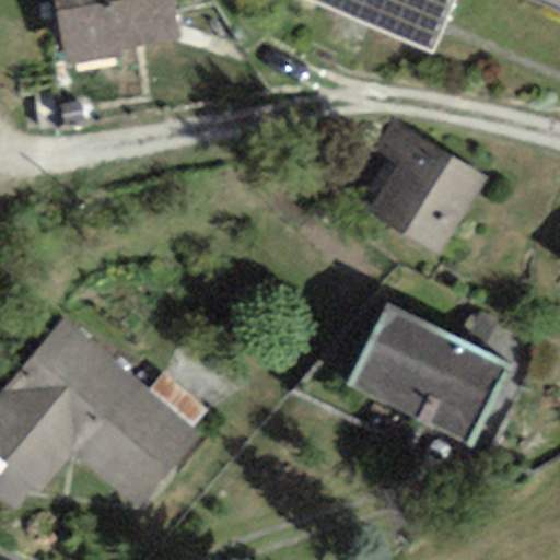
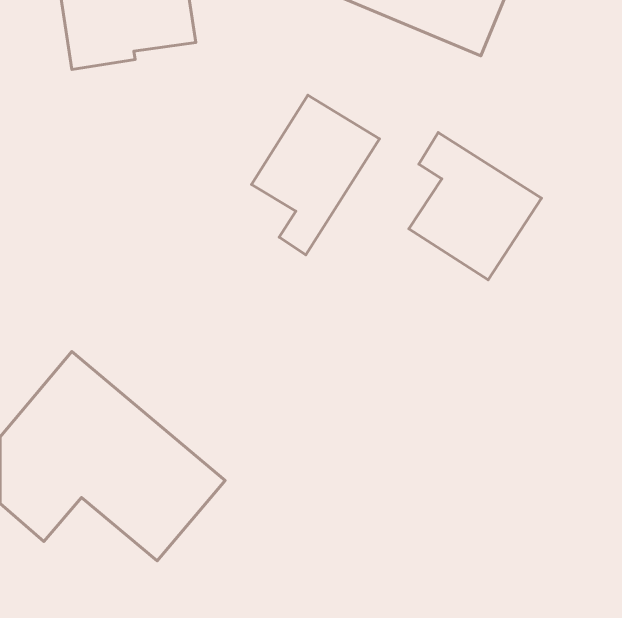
building: none -> [252,95,380,255]
building: [346,304,508,444] -> none

